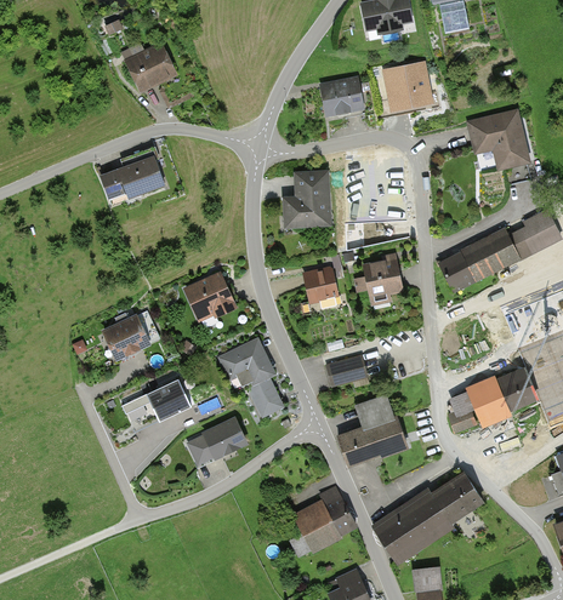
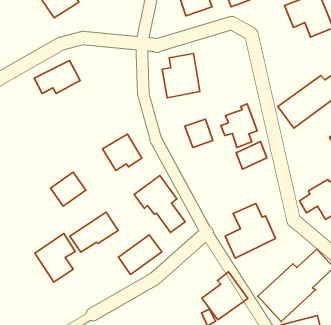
building: [325,353,368,388] -> [236,142,267,169]
building: none -> [35,234,75,282]

